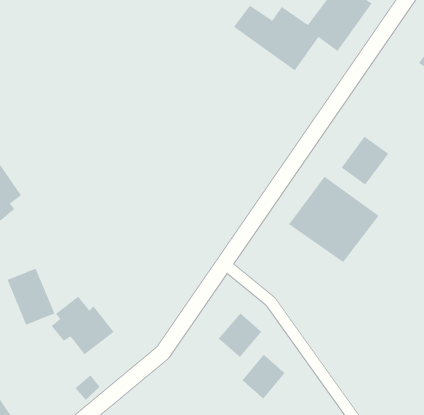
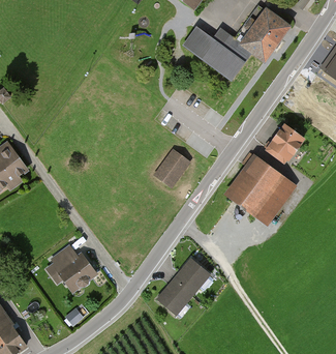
building: none -> [155,147,191,186]
building: [7,268,55,325] -> none
building: [241,354,286,400] -> [157,277,190,312]

